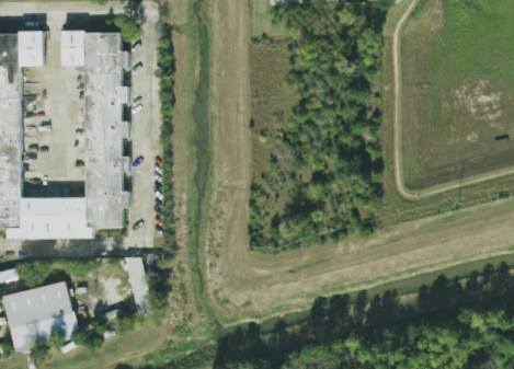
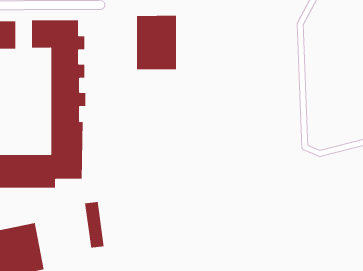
building: none -> [137,15,177,70]

